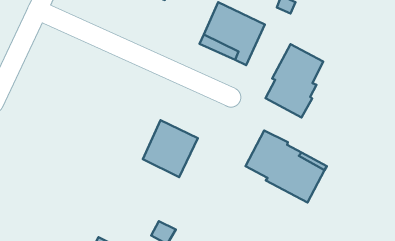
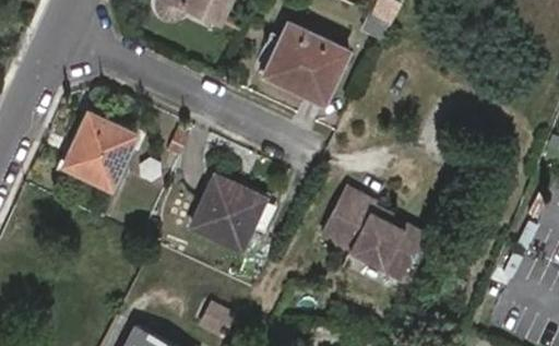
building: [265,44,323,118] -> none
building: none -> [66,111,135,187]

